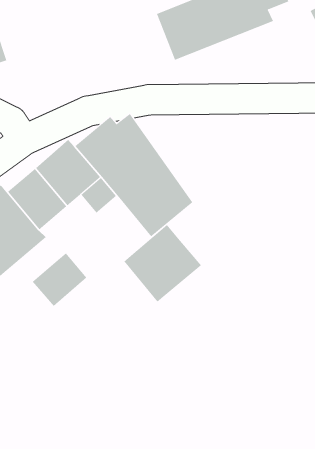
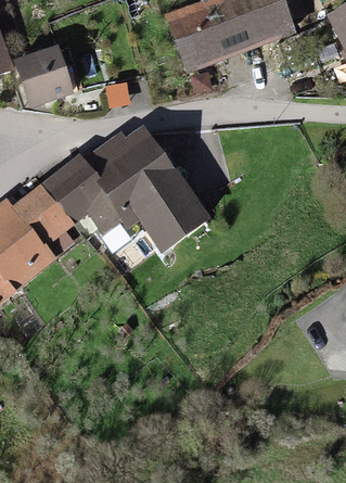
building: none -> [14,49,68,106]
building: [124,224,202,303] -> none
building: [32,252,87,307] -> none

